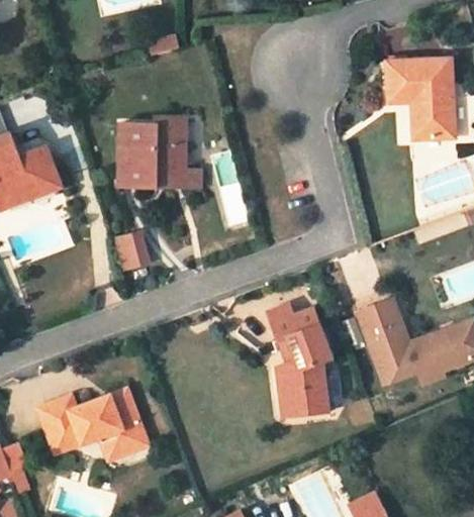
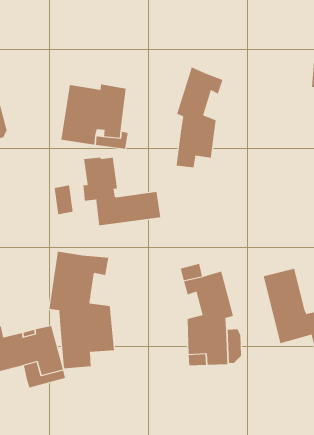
building: none -> [176,66,223,168]
building: none -> [83,157,161,226]
building: none -> [49,251,114,369]

